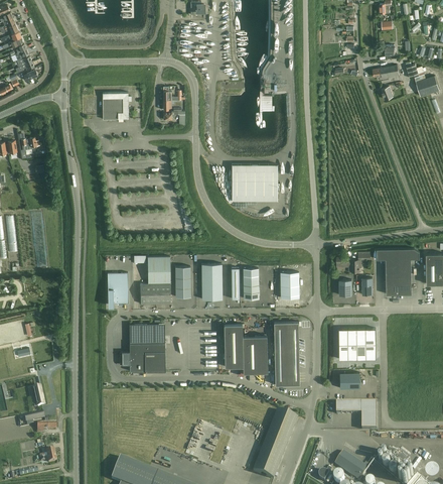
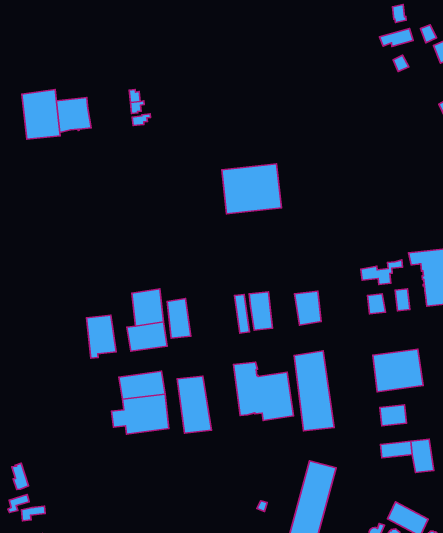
building: none -> [22,90,60,139]
building: [200,264,223,300] -> none
building: none -> [177,376,212,433]

